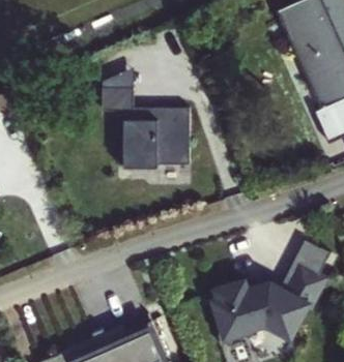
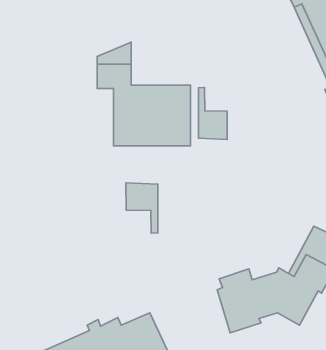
building: none -> [198,87,227,139]
building: none -> [126,183,158,233]

